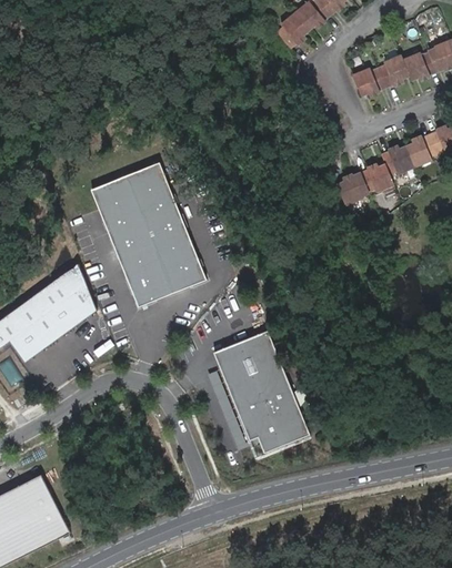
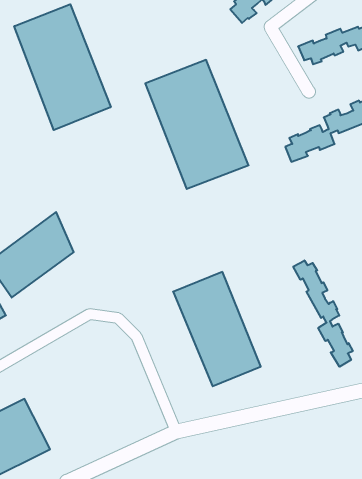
building: none -> [14,4,111,130]
building: [89,162,205,307] -> [145,60,249,189]
building: none -> [293,260,353,367]

